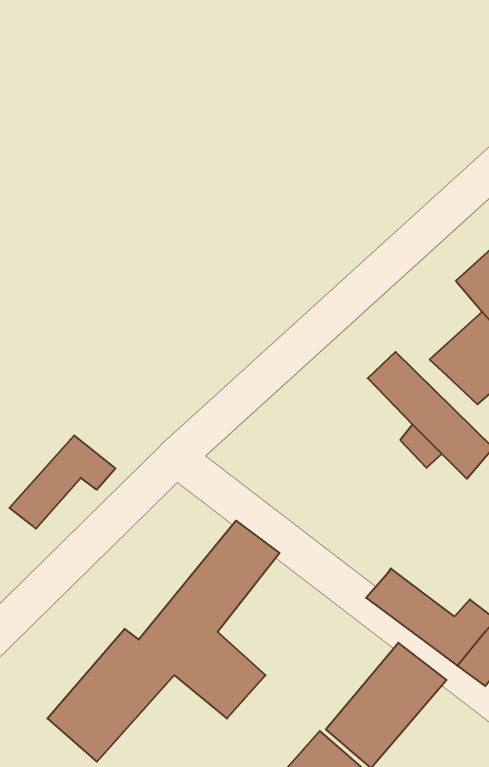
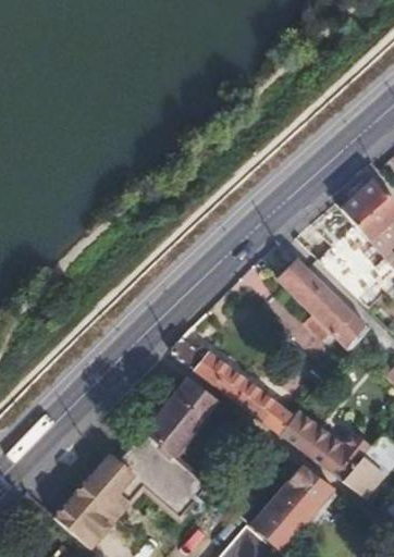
building: [9,435,115,529] -> none
building: none -> [173,336,295,432]

